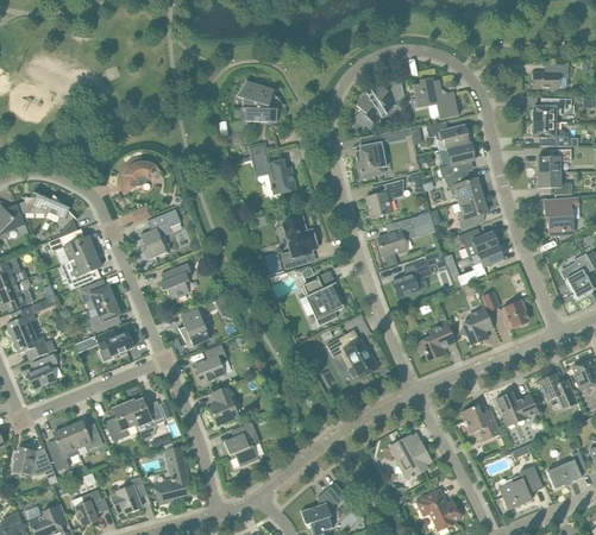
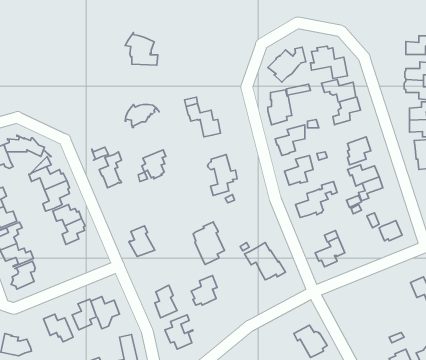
building: [236,80,277,121] -> [125,33,158,65]
building: [117,162,161,191] -> [125,104,159,128]
building: [445,171,482,202] -> none
building: [159,263,190,300] -> [142,150,166,179]
building: [303,270,344,325] -> [193,222,225,264]
building: [459,308,493,345] -> none
building: [75,328,133,361] -> none
building: [194,344,227,382] -> [191,275,217,305]
building: [495,392,539,427] -> none
building: [460,405,501,441] -> none
building: [50,427,76,471] -> none

